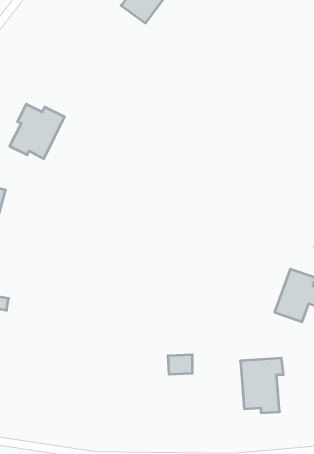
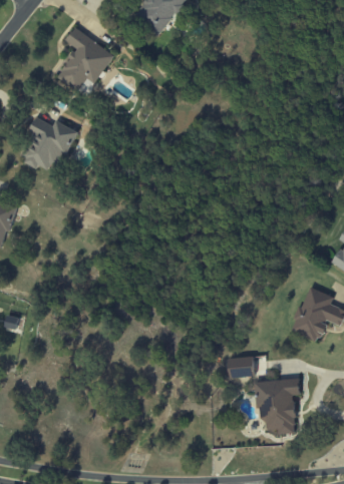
building: none -> [56,27,113,95]
building: [168,355,192,374] -> [228,356,253,376]

